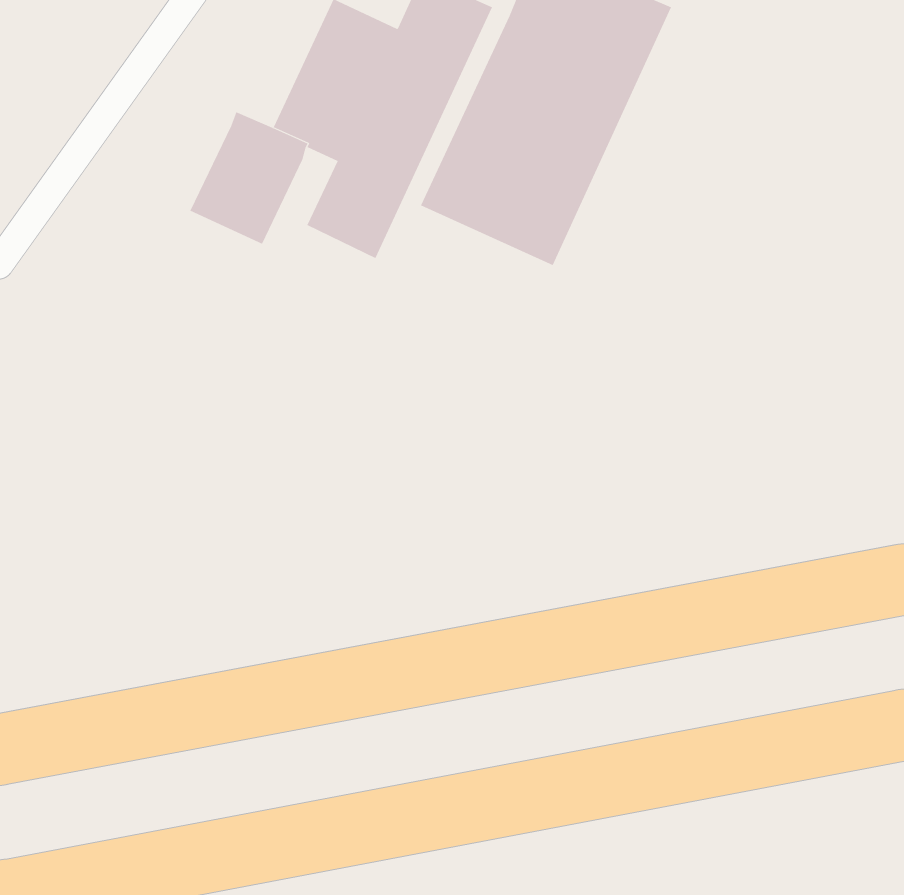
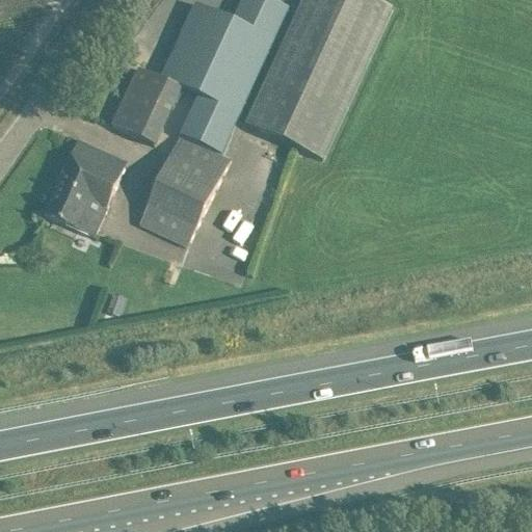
building: none -> [138,132,230,244]
building: none -> [44,137,127,235]

